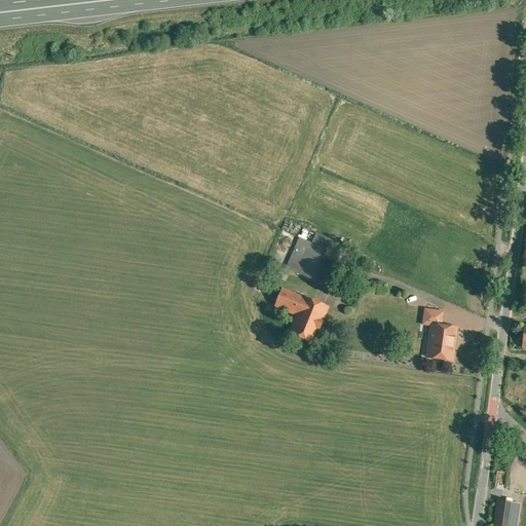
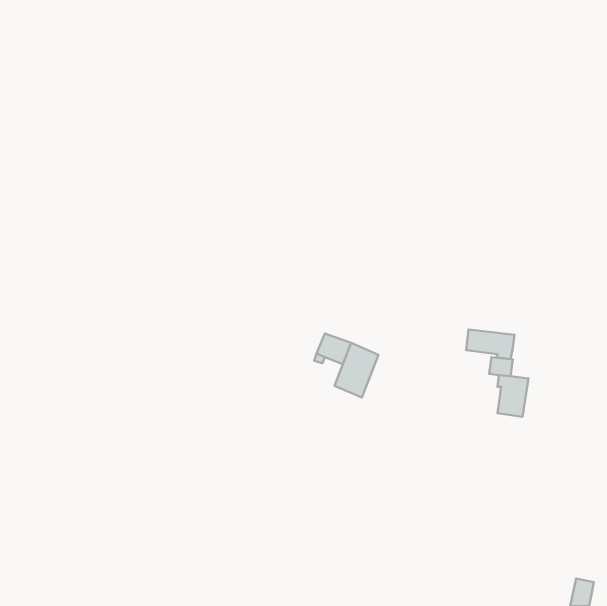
building: [286,236,332,281] -> none
building: none -> [466,329,514,359]

